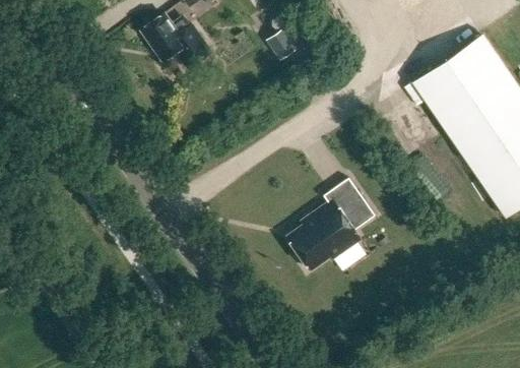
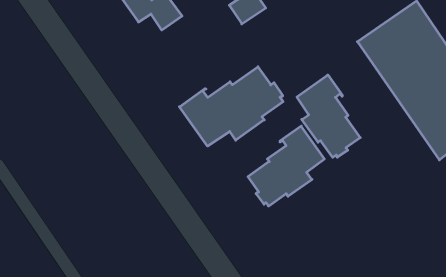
building: none -> [179,67,283,146]
building: none -> [297,75,360,157]

